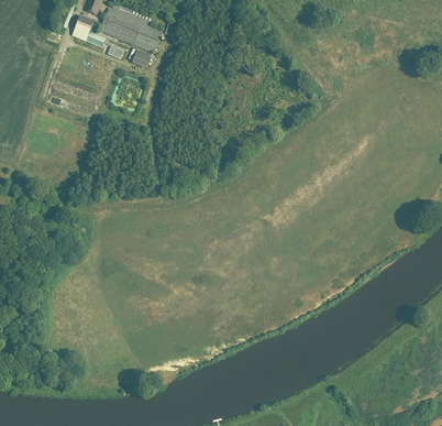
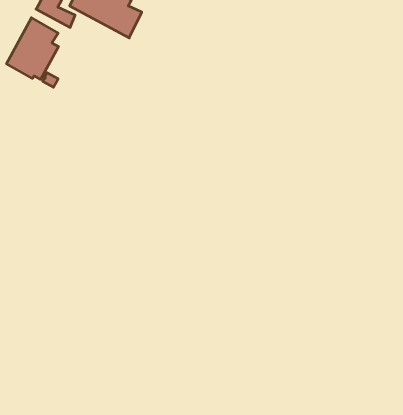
building: none -> [7,18,58,79]

